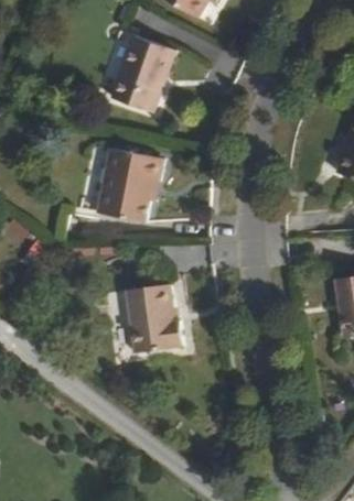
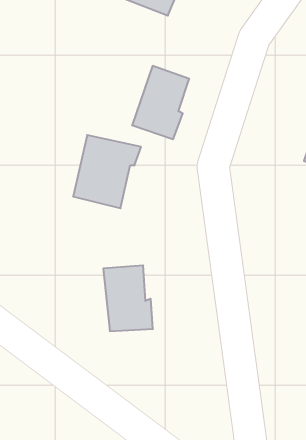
building: [114,41,172,116] -> [132,66,189,139]

